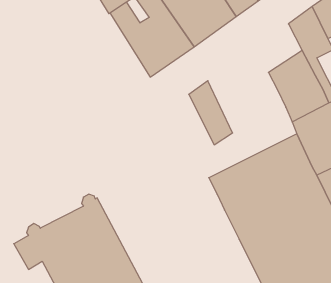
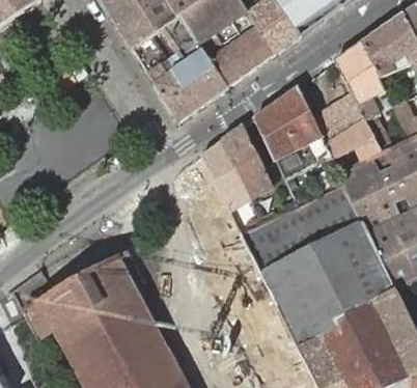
building: none -> [254,86,331,177]
building: none -> [199,140,250,210]

